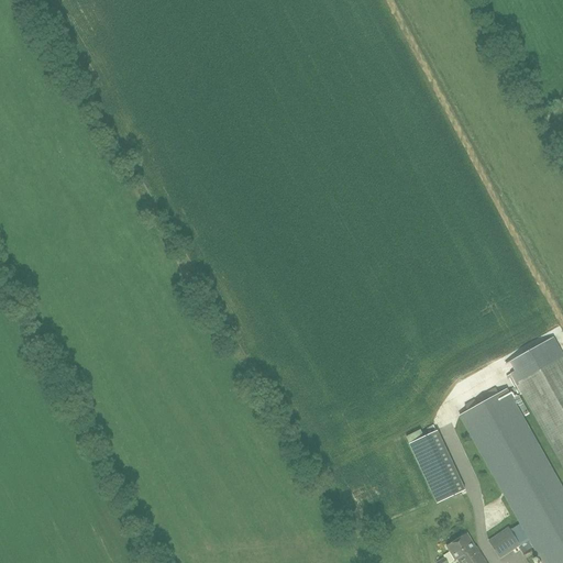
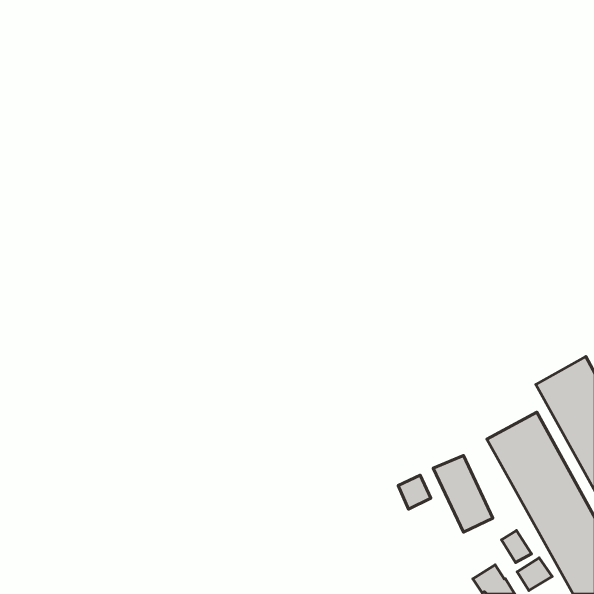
building: none -> [398,475,431,509]
building: none -> [502,531,532,563]

